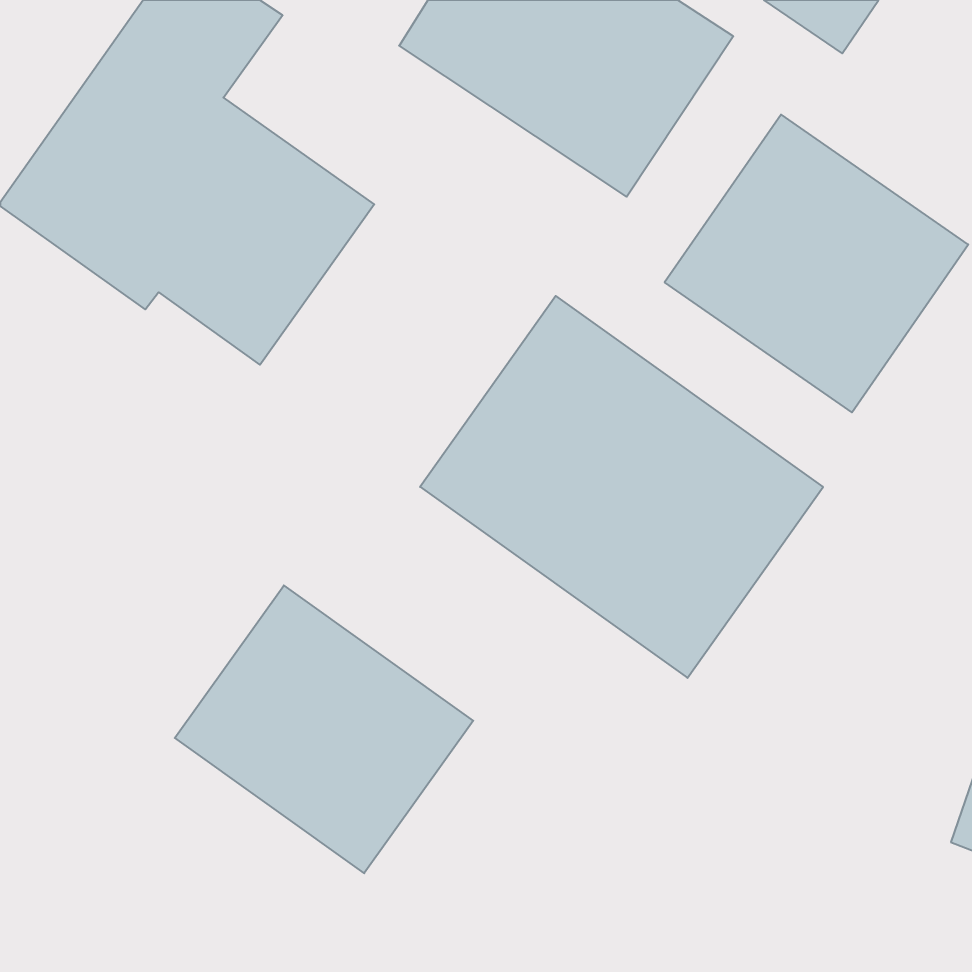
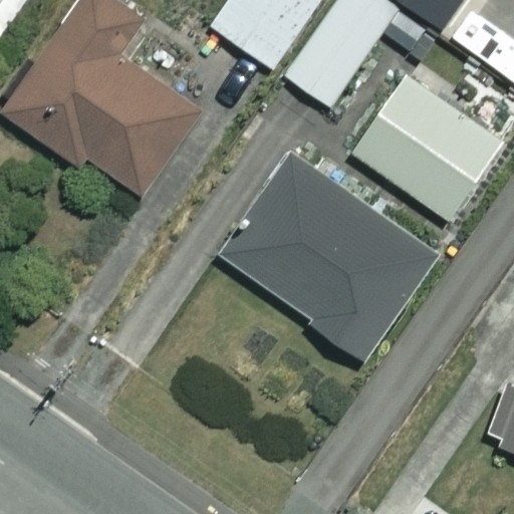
building: [175,585,473,873] -> none

